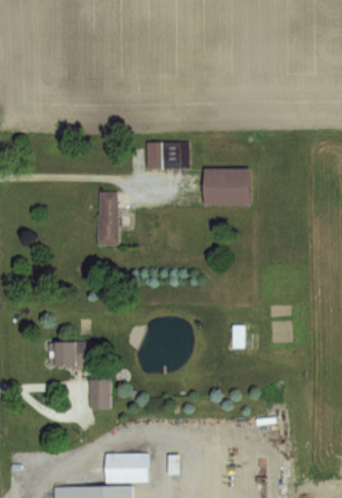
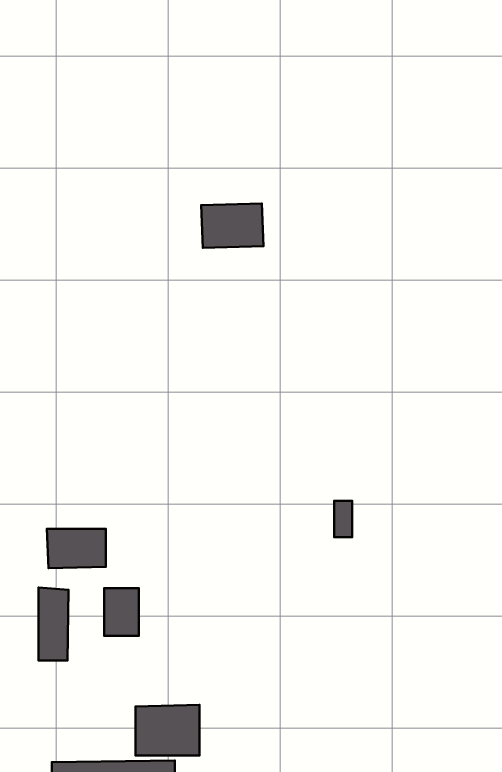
building: [205,169,250,202] -> none
building: [97,191,119,246] -> none
building: none -> [38,588,69,660]

